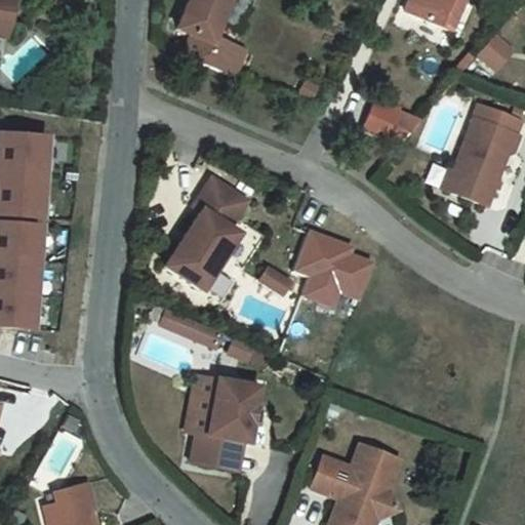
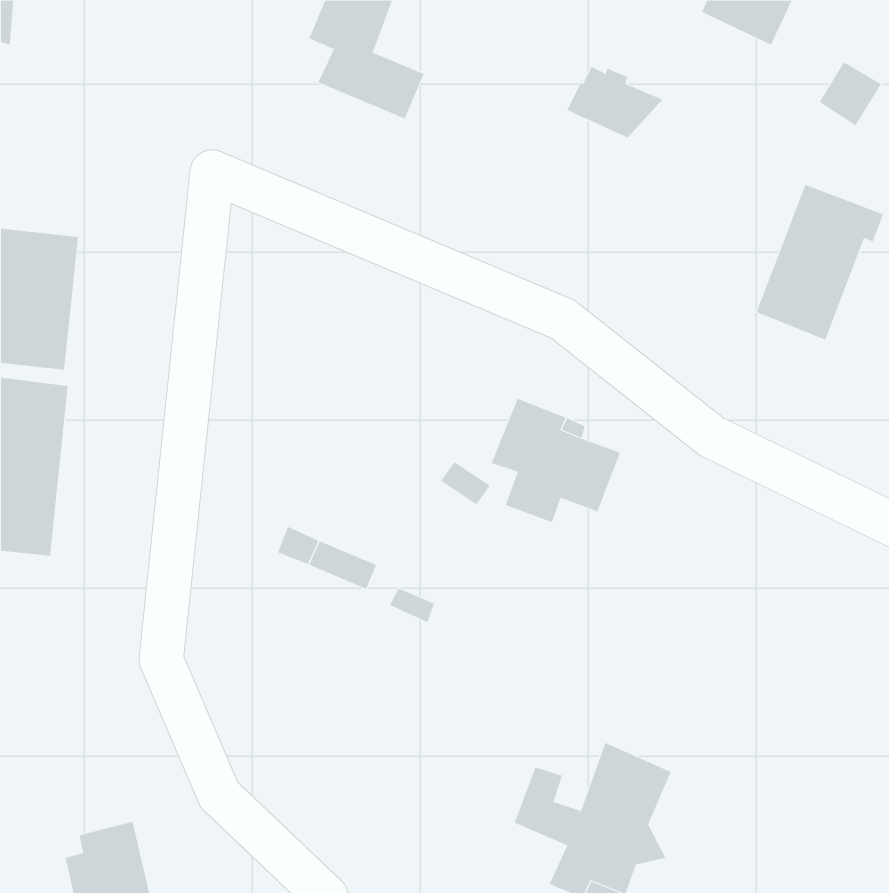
building: [365,96,421,138] -> [567,66,663,138]
building: [168,181,249,291] -> none
building: [189,372,259,461] -> none

